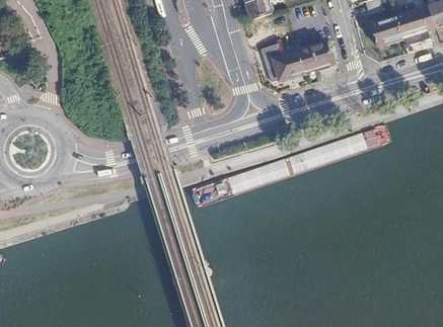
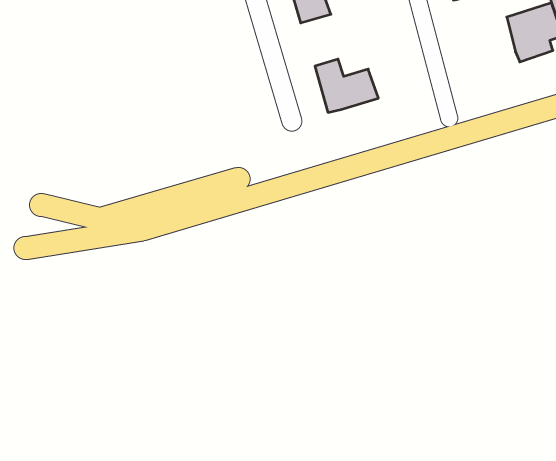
building: [369,13,401,46] -> none
building: [298,40,331,70] -> none

